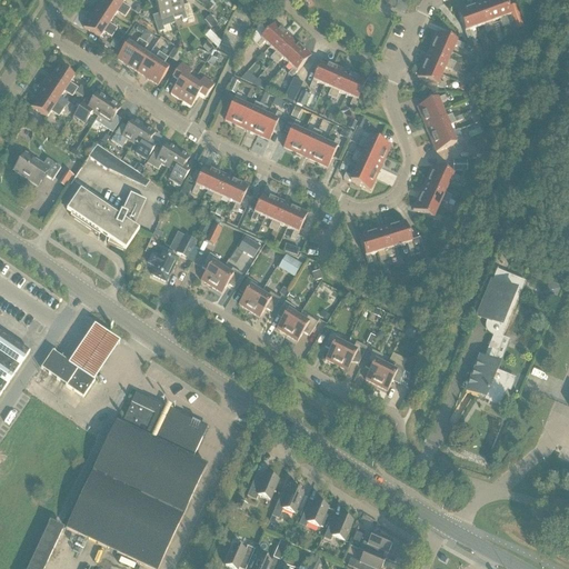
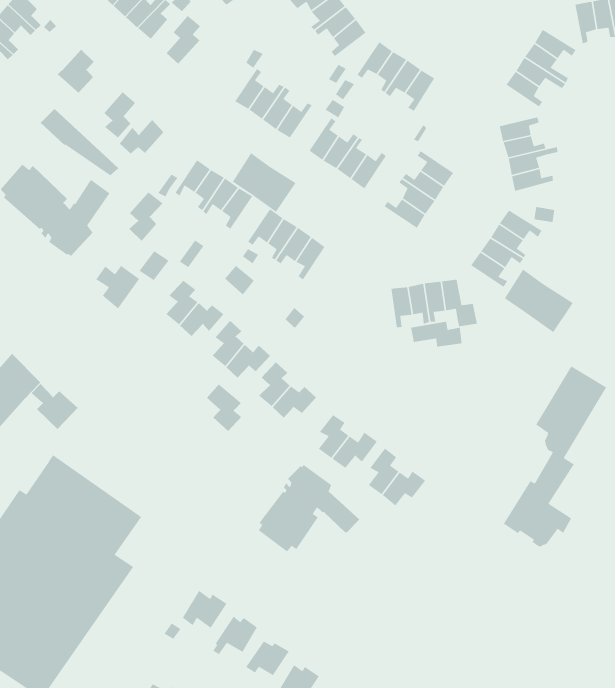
building: [180,74,214,103] -> none
building: [73,89,109,120] -> none
building: [110,116,143,144] -> none
building: [167,147,190,183] -> [128,192,164,242]
building: none -> [232,152,296,213]
building: none -> [504,269,574,333]
building: none -> [410,321,463,348]
building: none -> [206,384,242,432]
building: none -> [31,383,79,430]
building: none -> [258,464,360,553]

